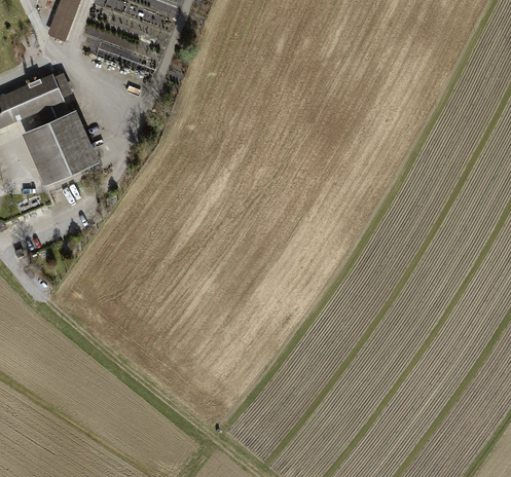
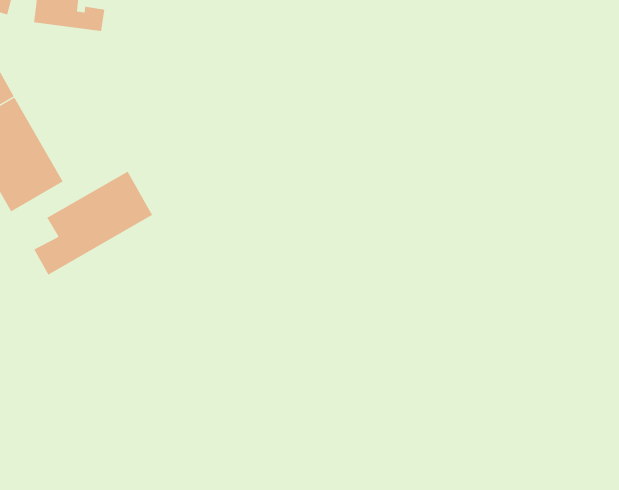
building: none -> [33,171,153,275]

